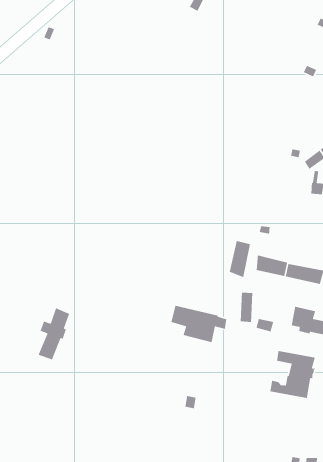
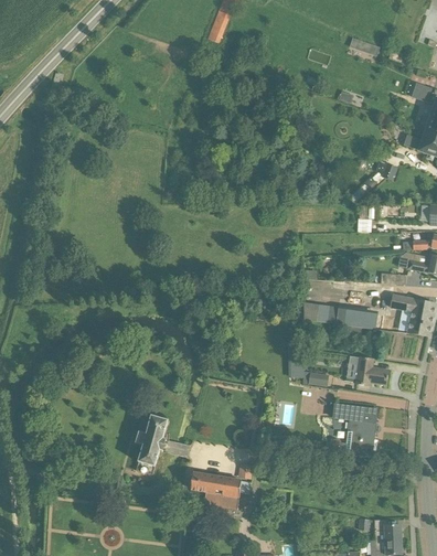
building: [229,240,251,278] -> none
building: [170,305,227,343] -> [189,472,251,511]
building: [38,307,70,360] -> [135,416,167,474]

